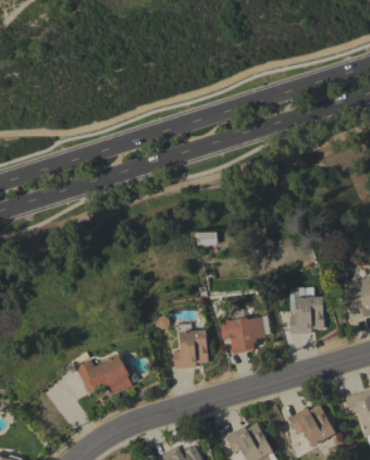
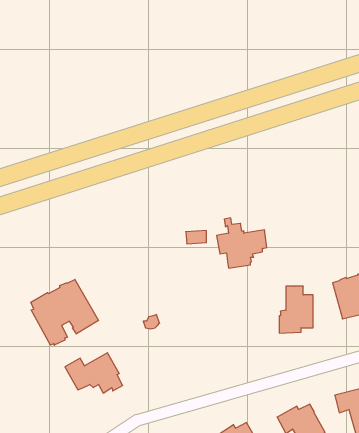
building: none -> [31,279,98,345]
building: [220,303,270,353] -> [217,218,267,268]
building: [173,330,208,369] -> none

